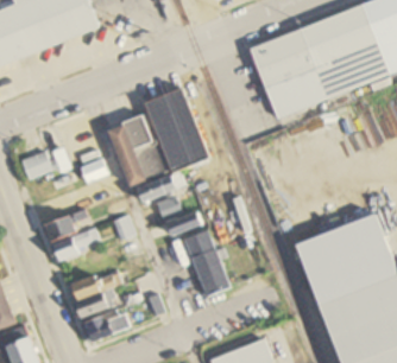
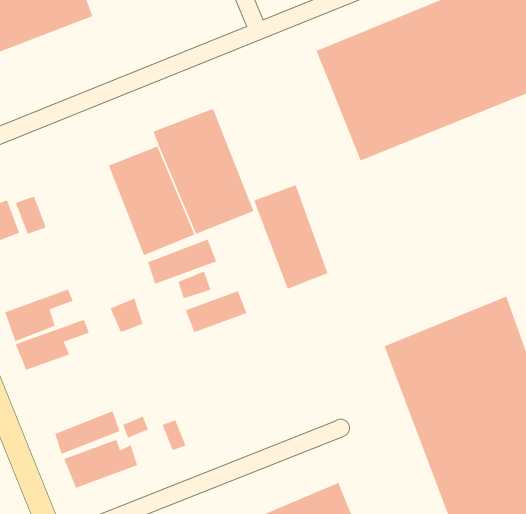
building: [76,157,109,184] -> none
building: [179,227,229,297] -> [253,184,328,290]
building: [68,270,124,301] -> none

